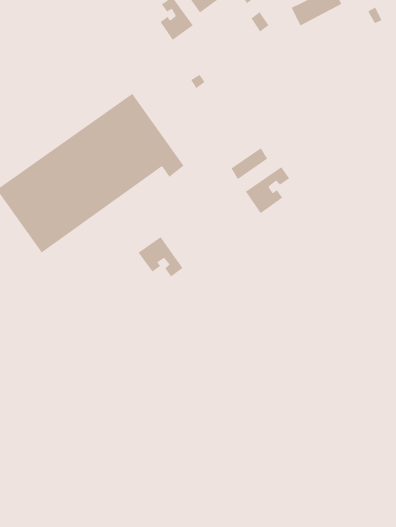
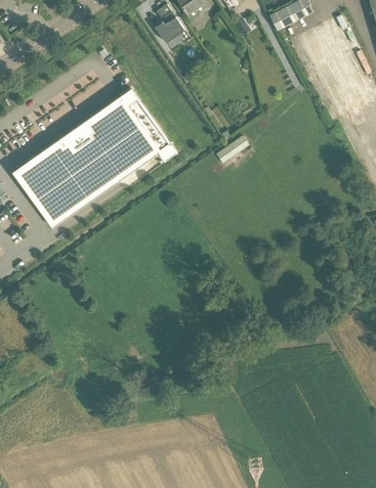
building: [245,166,290,214] -> none
building: [138,236,184,277] -> none

